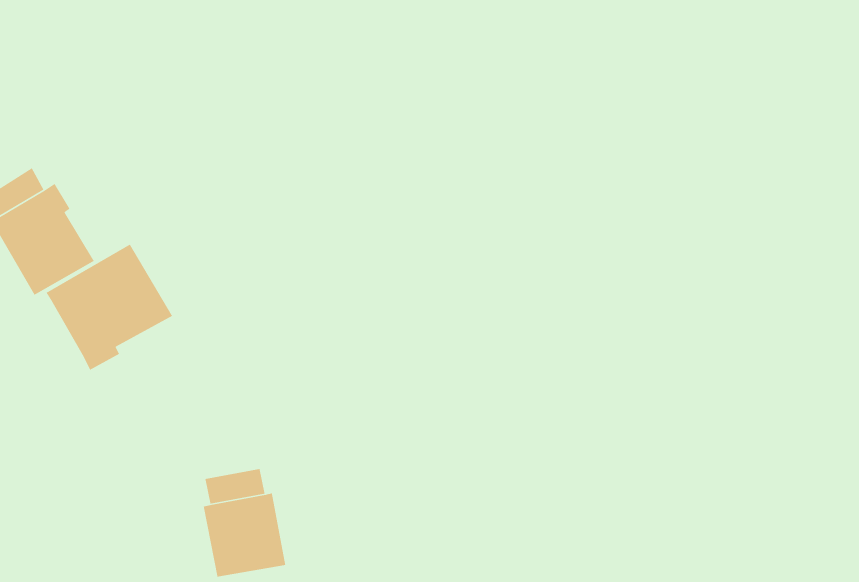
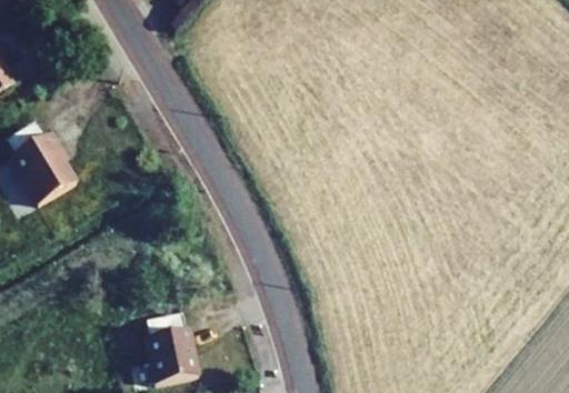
building: [45,243,173,371] -> none

